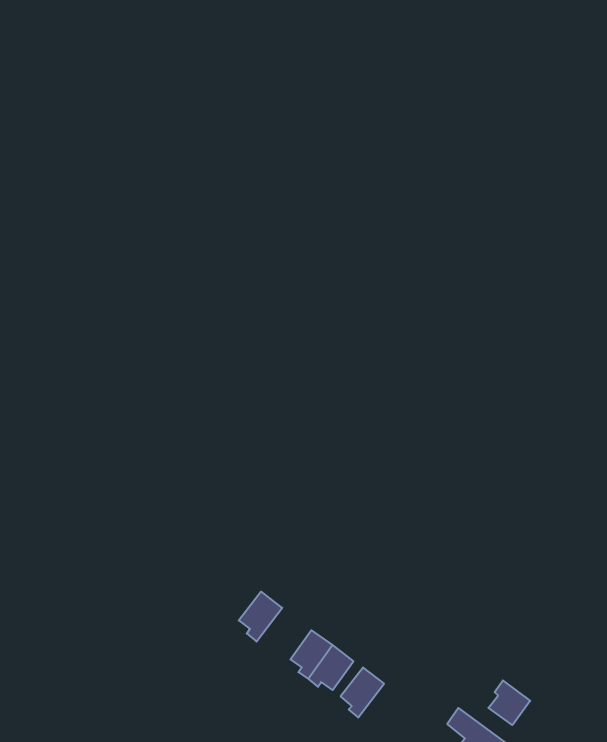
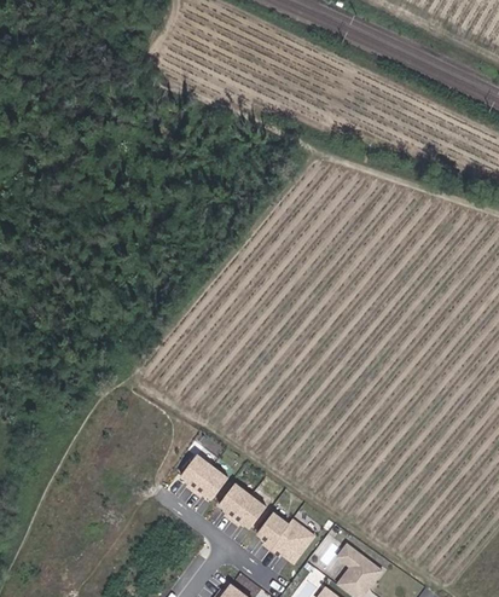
building: none -> [193,466,228,500]
building: none -> [269,518,315,562]
building: [488,680,530,725] -> none

